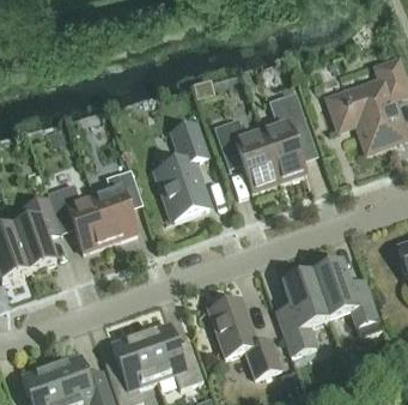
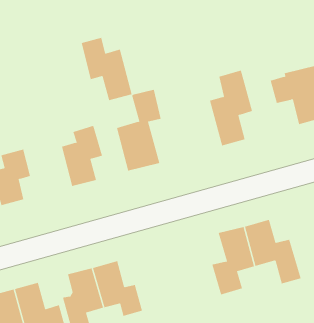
building: [214,116,279,189] -> [81,37,133,101]
building: [48,187,109,249] -> none
building: [208,296,281,375] -> none

